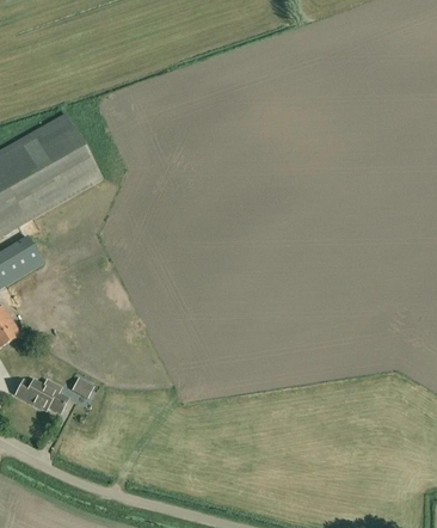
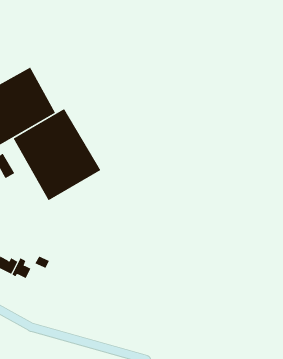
building: none -> [13,108,101,201]

